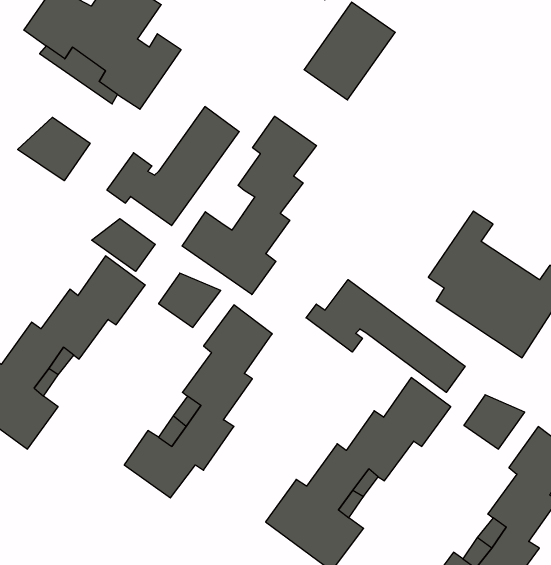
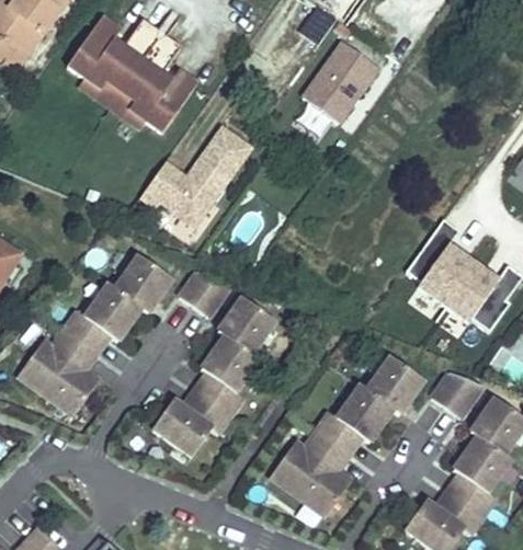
building: [182,116,316,295] -> none
building: [18,117,90,181] -> none
building: [92,219,155,271] -> none
building: [306,280,465,392] -> none

